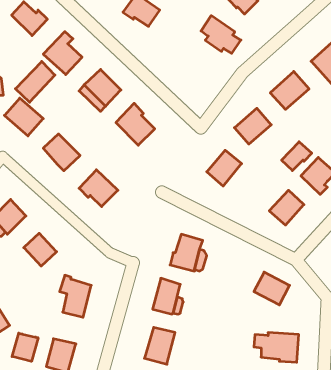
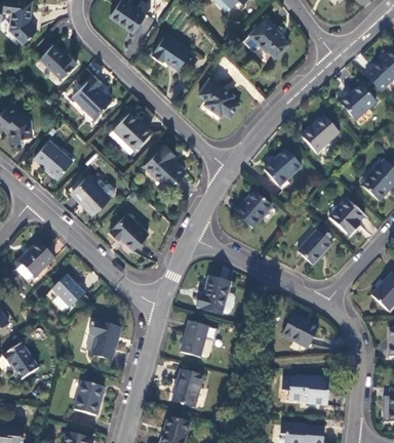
building: [201,16,241,53] -> [199,78,239,116]
building: [15,61,55,102] -> none
building: [282,142,312,171] -> none
building: [12,333,38,361] -> none

